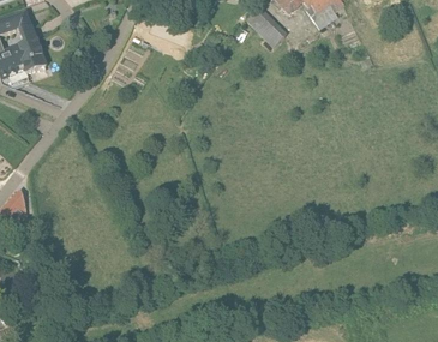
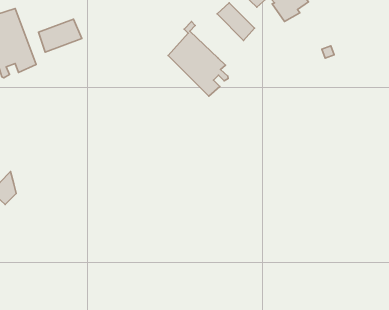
building: none -> [39,19,82,52]
building: none -> [168,21,228,96]

